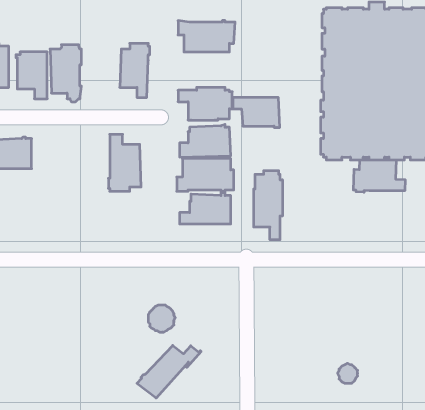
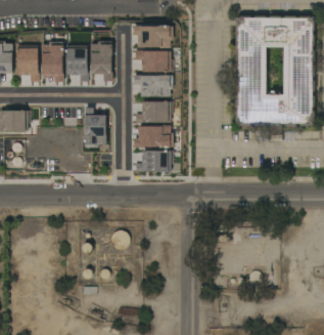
building: none -> [65,46,89,82]
building: [233,98,280,127] -> [135,50,169,72]
building: [353,160,405,192] -> none
building: [254,171,282,240] -> none
building: [137,345,201,398] -> none

